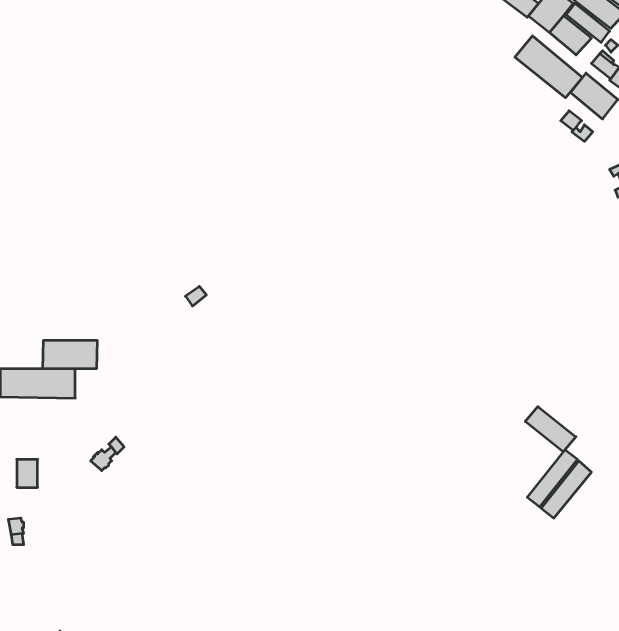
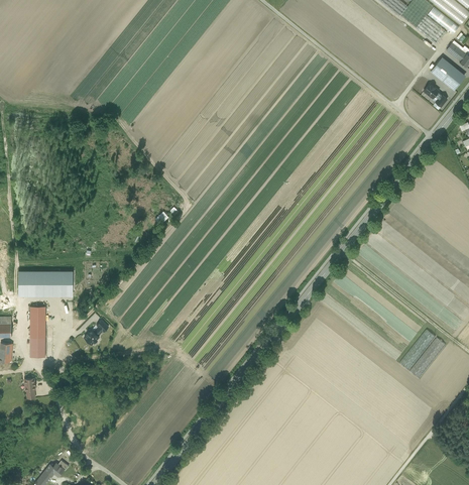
building: [515,36,582,98] -> none
building: [43,340,97,369] -> none
building: [525,407,576,452] -> none
building: none -> [30,307,45,337]

